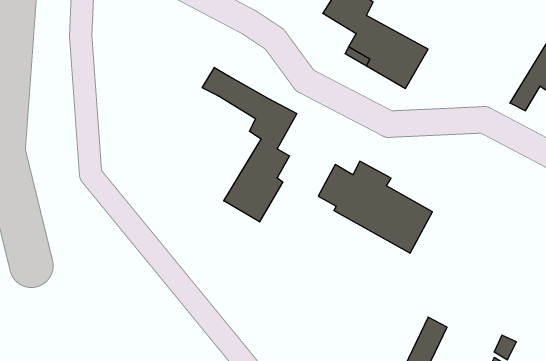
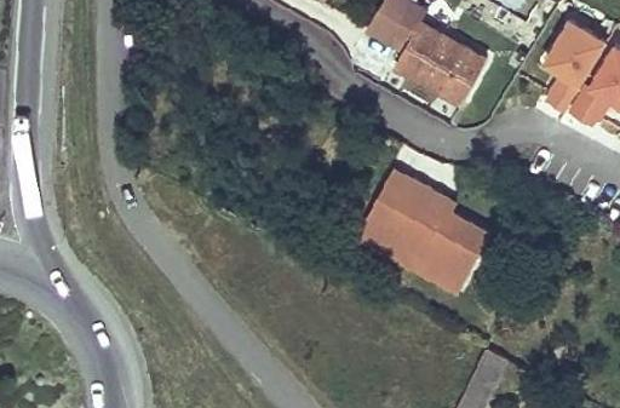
building: none -> [544,25,607,116]
building: [202,67,297,222] -> none

